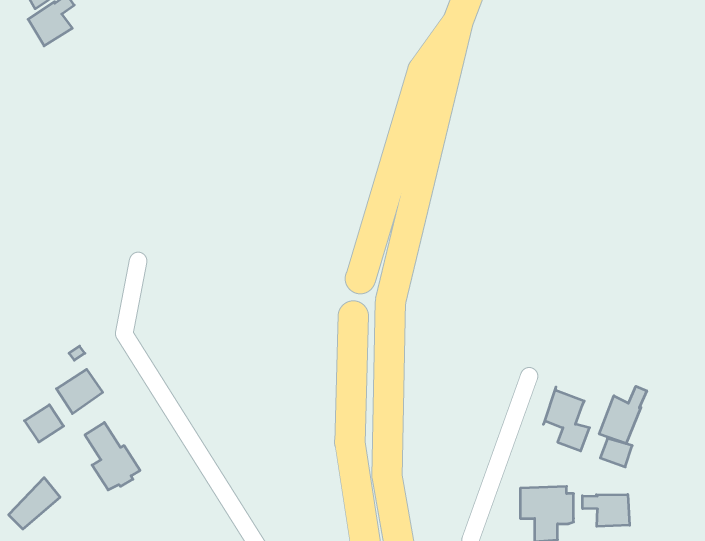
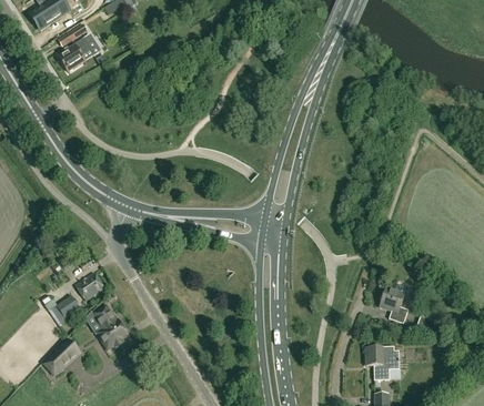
building: [599,386,647,444] -> none
building: [582,494,630,526] -> none

